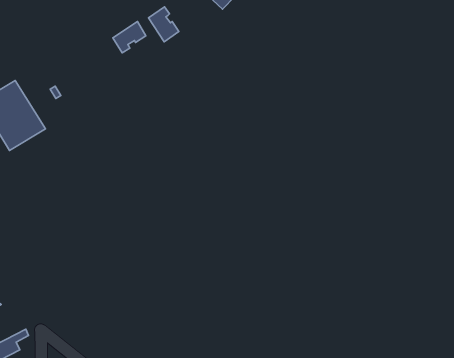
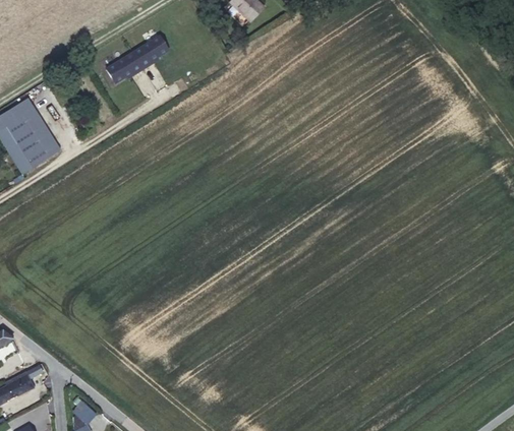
building: [148,7,179,42] -> none
building: none -> [105,53,142,84]

